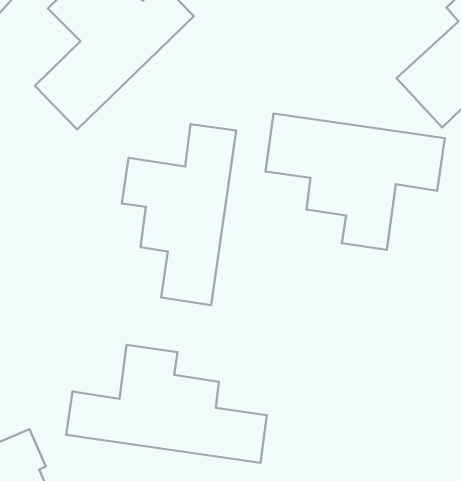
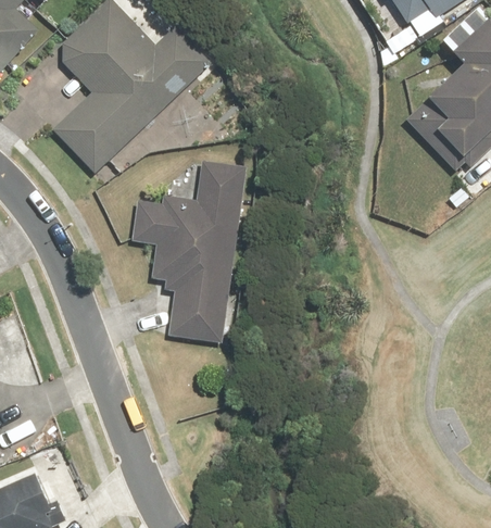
building: [266,113,445,250] -> none
building: [66,345,267,463] -> none

